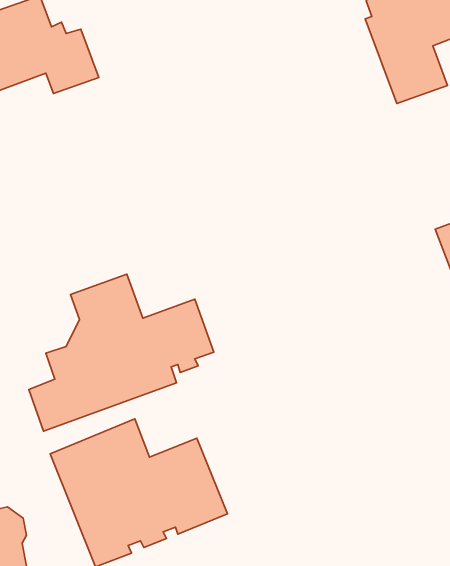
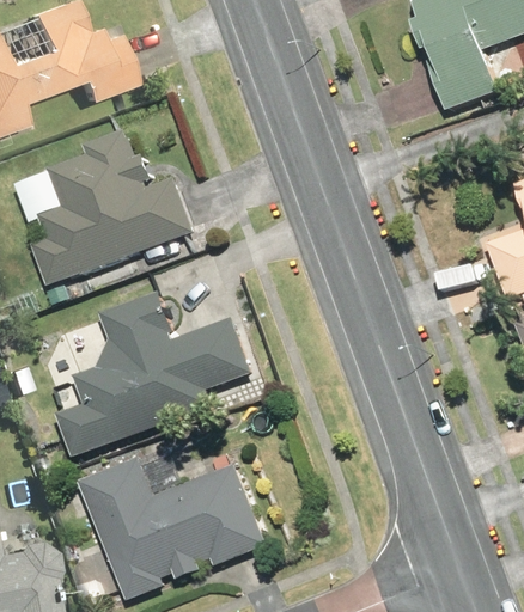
building: none -> [30,129,193,286]

